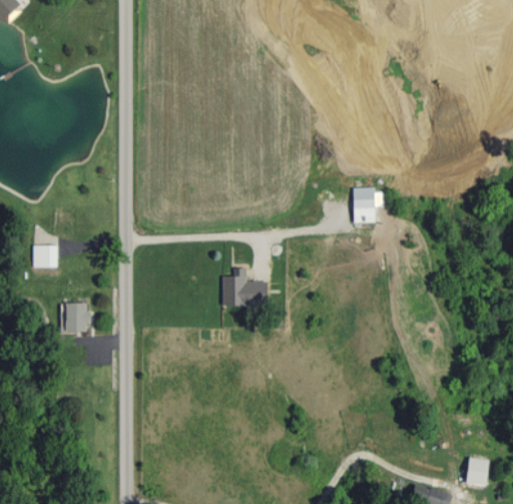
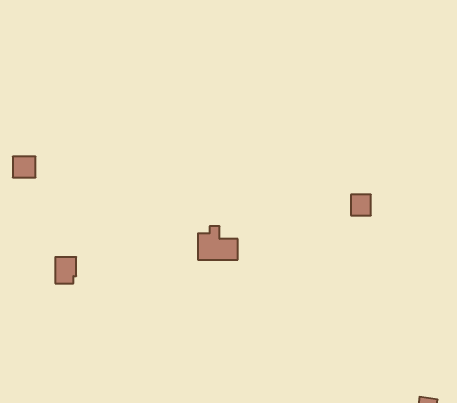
building: [353,199,375,222] -> [351,195,371,215]
building: [33,244,58,268] -> [13,157,36,177]

